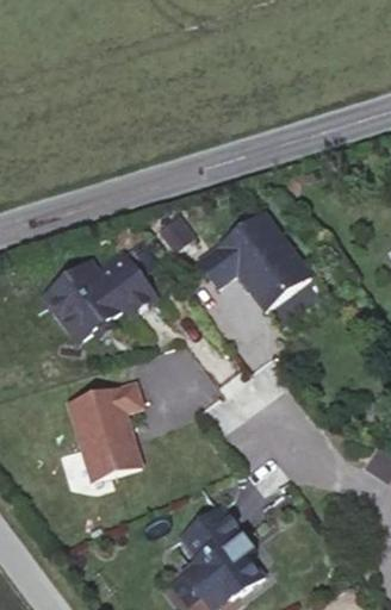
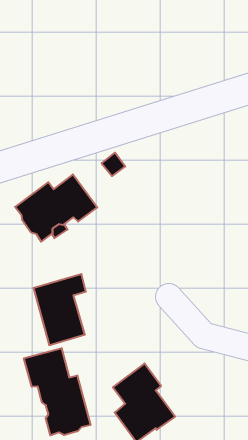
building: [199,211,312,310] -> none
building: none -> [24,348,91,435]

